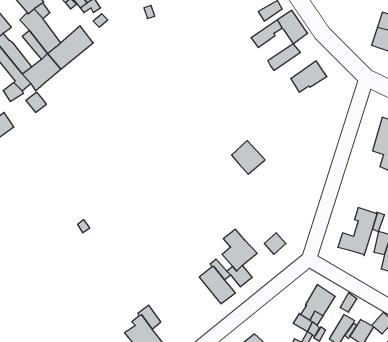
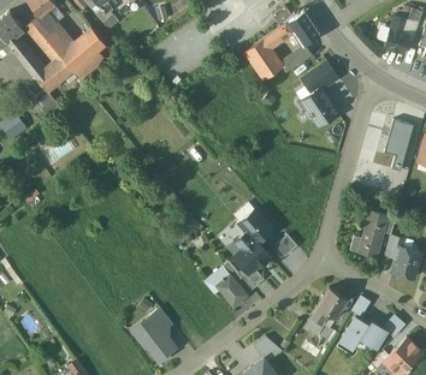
building: none -> [244,40,282,79]
building: none -> [301,88,338,126]
building: [231,141,265,174] -> [239,208,273,242]

